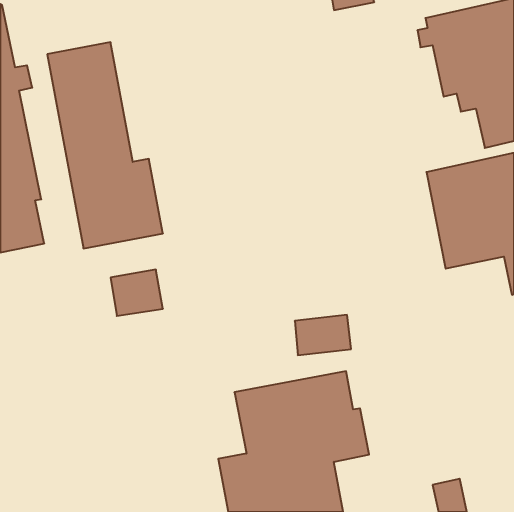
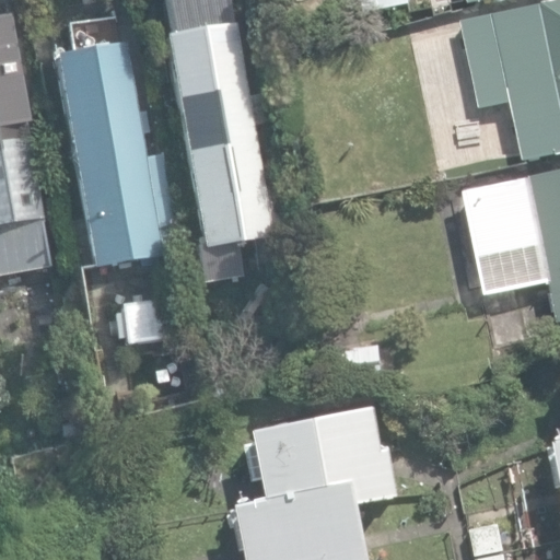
building: none -> [160,14,292,284]

